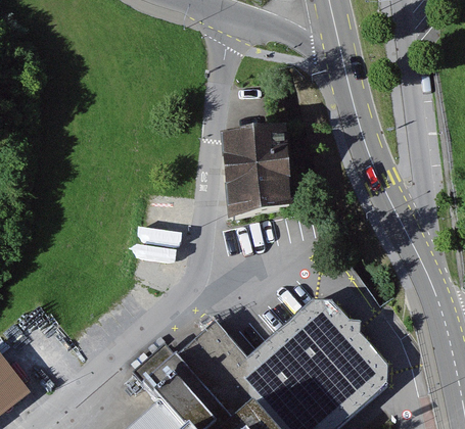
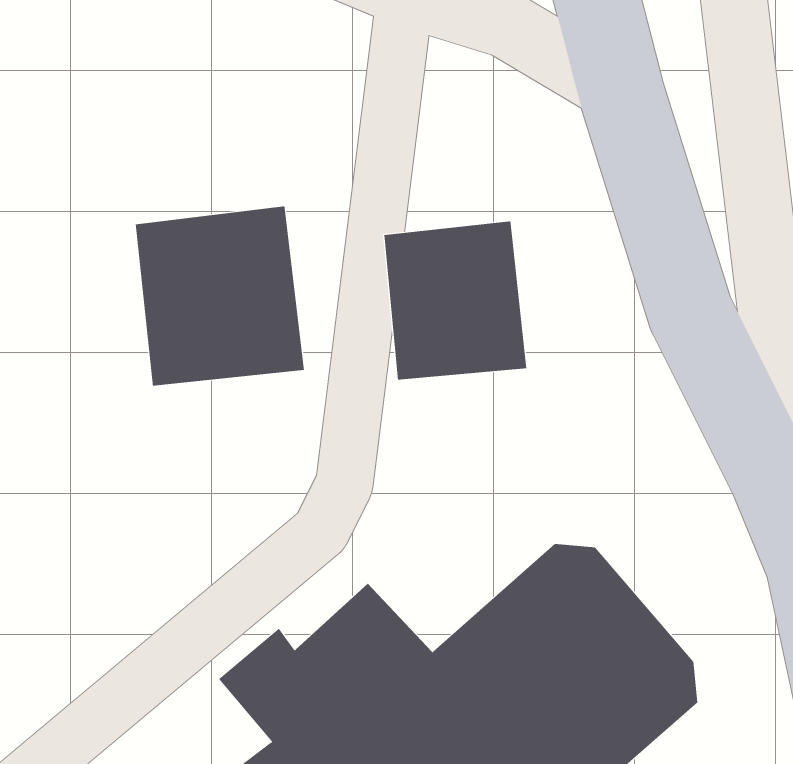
building: none -> [135,206,305,387]

